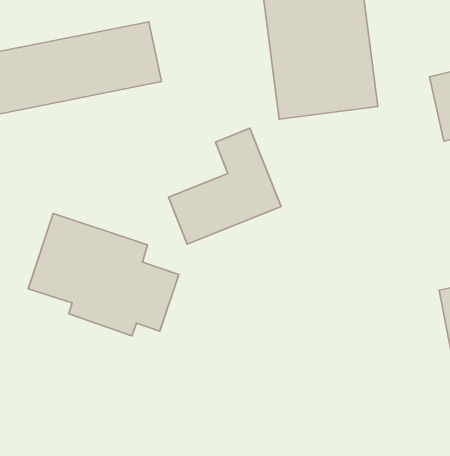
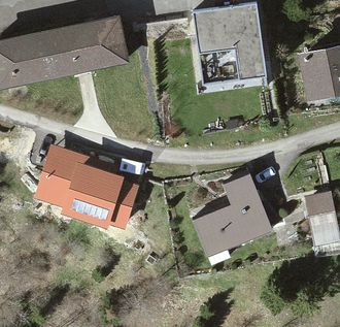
building: [168,128,281,244] -> [195,176,269,253]

